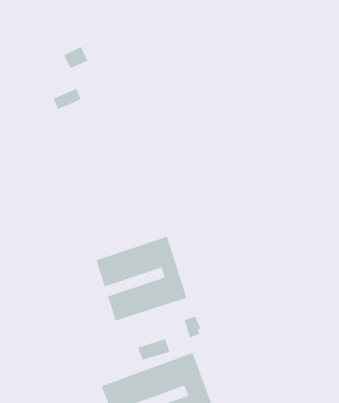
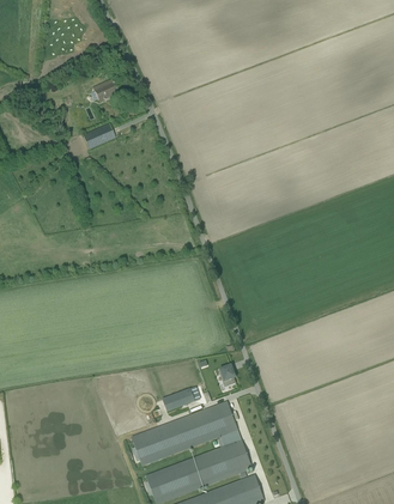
building: [96,236,187,321] -> none

